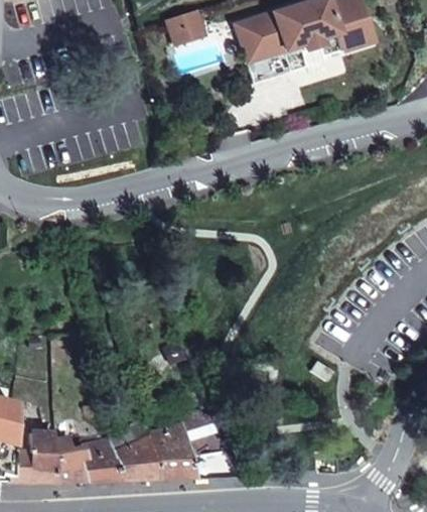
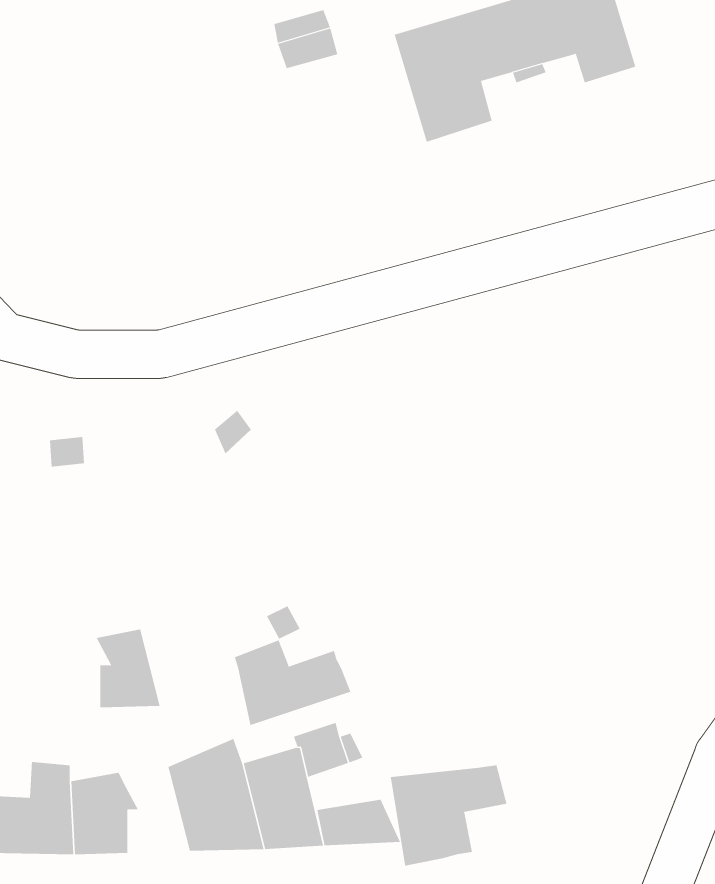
building: none -> [234,639,351,726]
building: none -> [390,764,507,866]
building: [87,435,123,480] -> [96,629,161,708]

